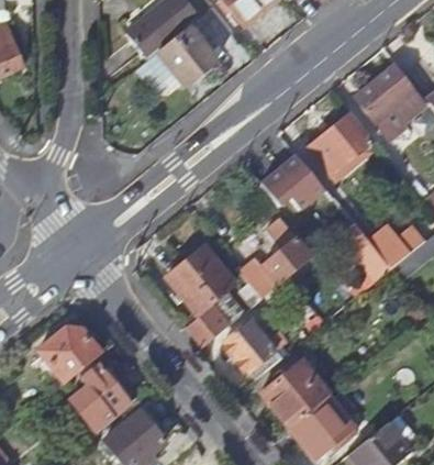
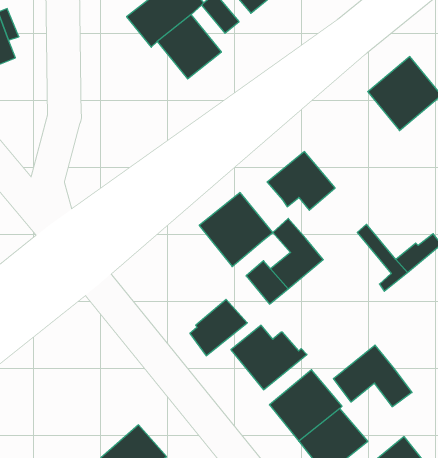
building: [307,113,371,175] -> none
building: [162,247,231,317] -> [199,193,273,267]
building: [37,326,100,381] -> none
building: none -> [333,345,412,407]
building: [80,364,134,430] -> none

